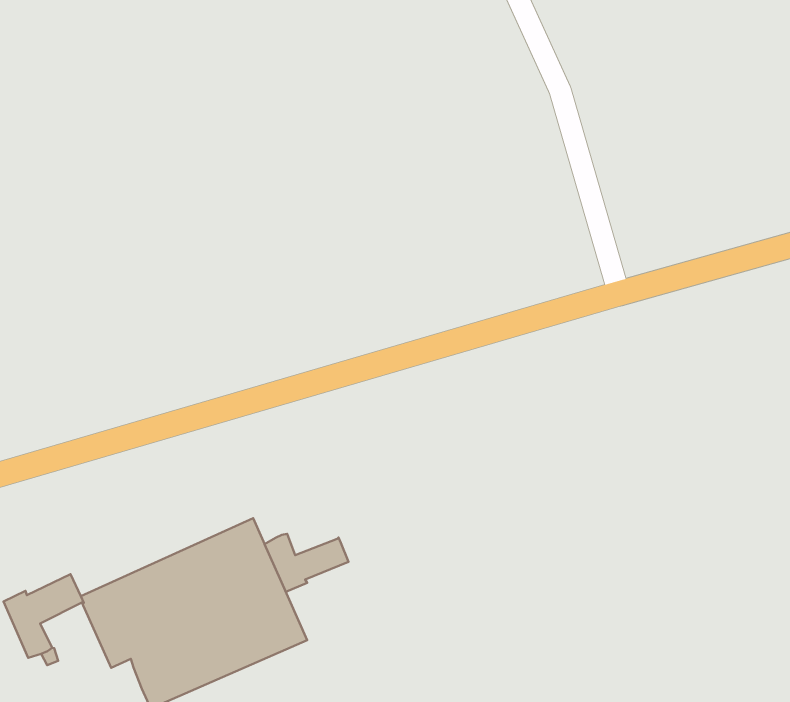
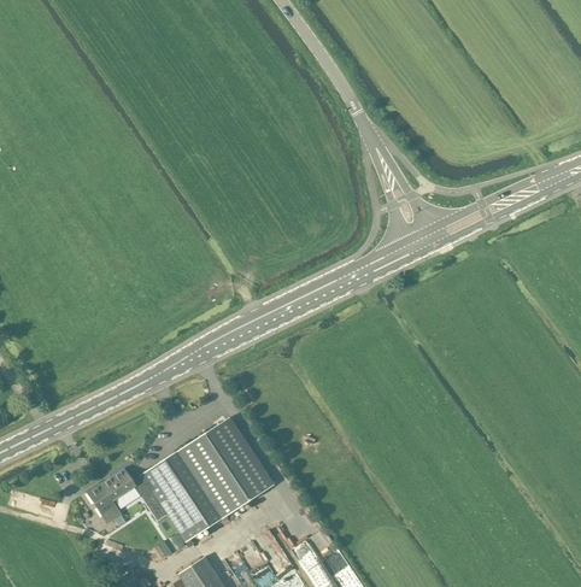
building: [265,534,348,592] -> none

